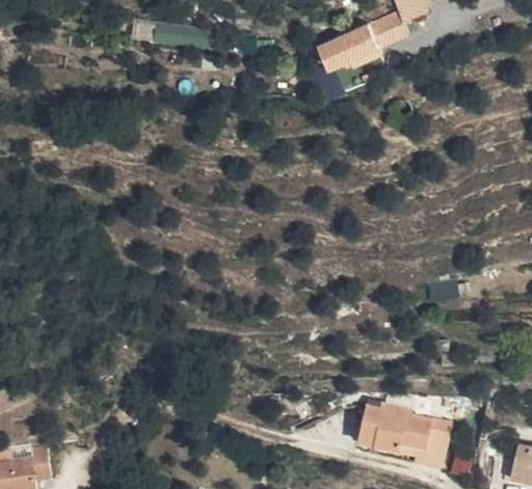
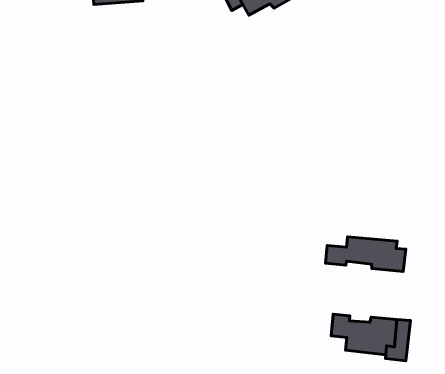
building: none -> [326,237,406,271]

